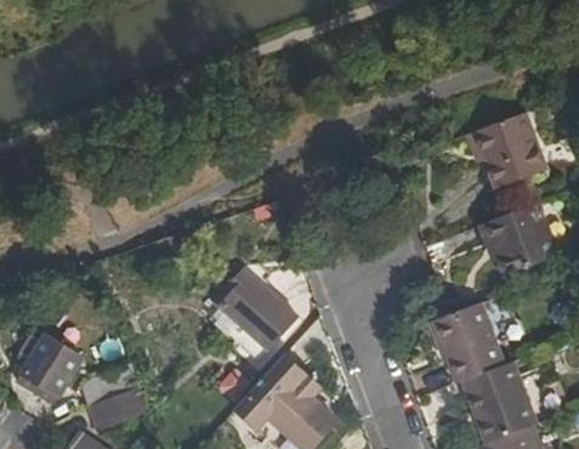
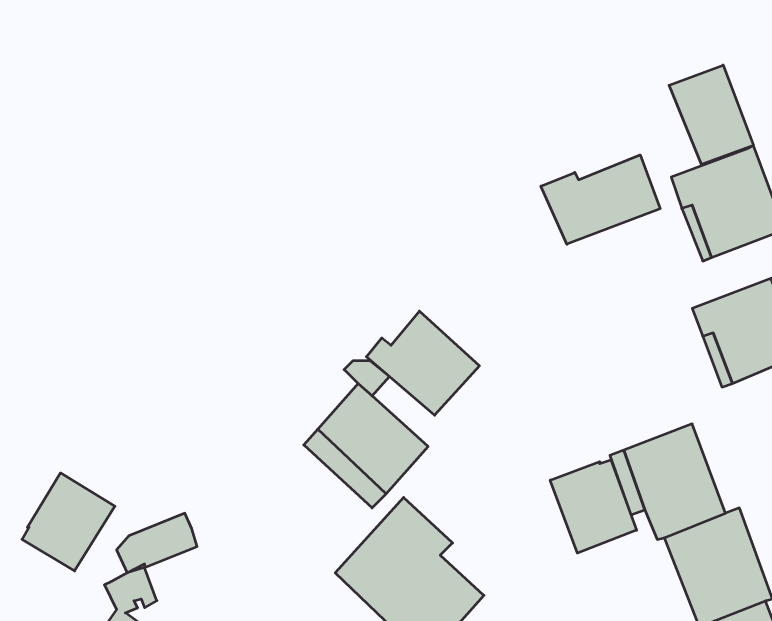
building: none -> [669,65,753,165]
building: none -> [541,155,660,244]
building: none -> [366,311,479,415]
building: none -> [550,460,637,553]

